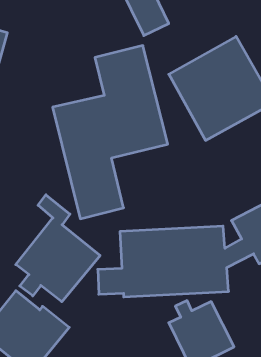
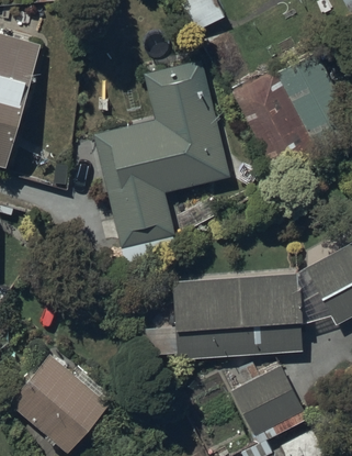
building: [16,195,100,302] -> none

